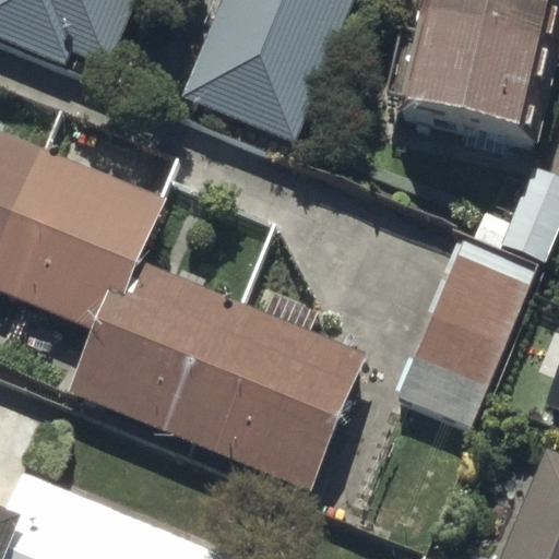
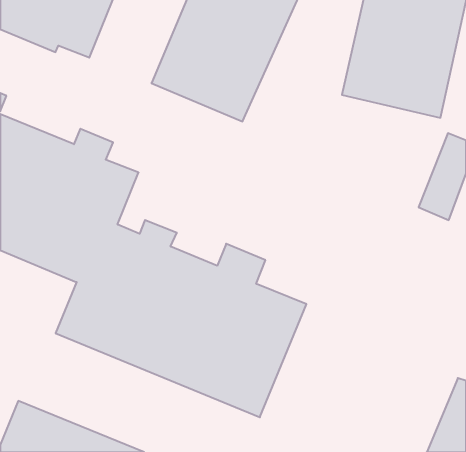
building: [395,241,534,428] -> none

